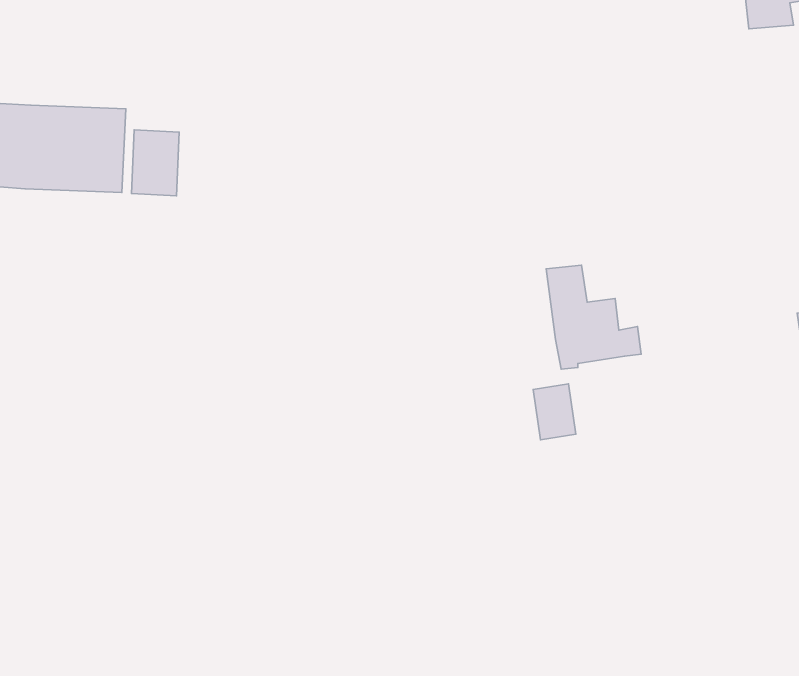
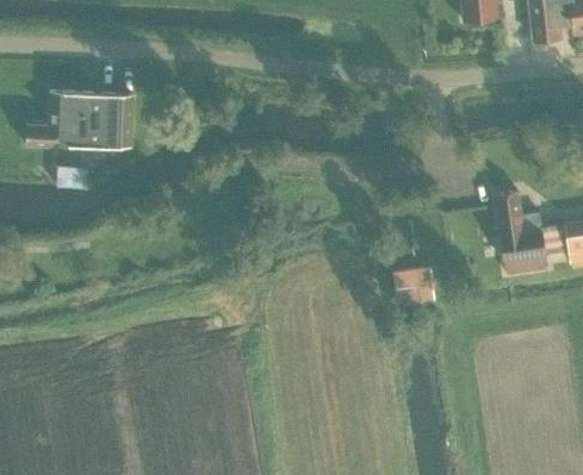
building: [132,130,179,196] -> none
building: [546,265,641,369] -> [496,193,557,260]

